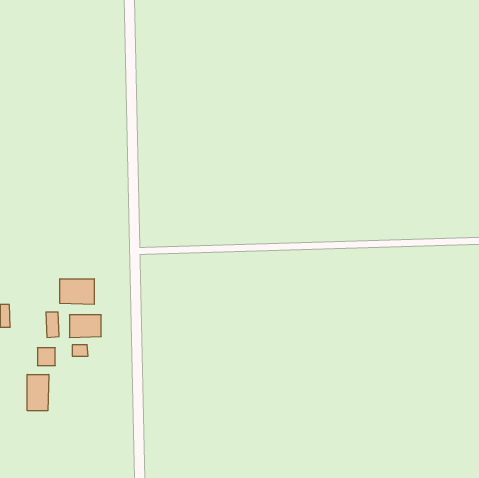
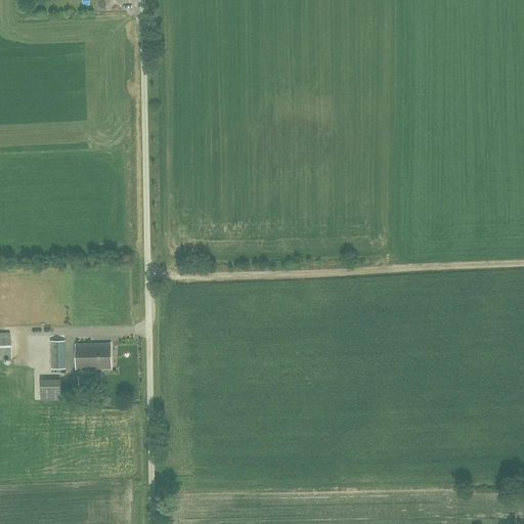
building: [60,279,94,304] -> none
building: [27,374,49,411] -> none

